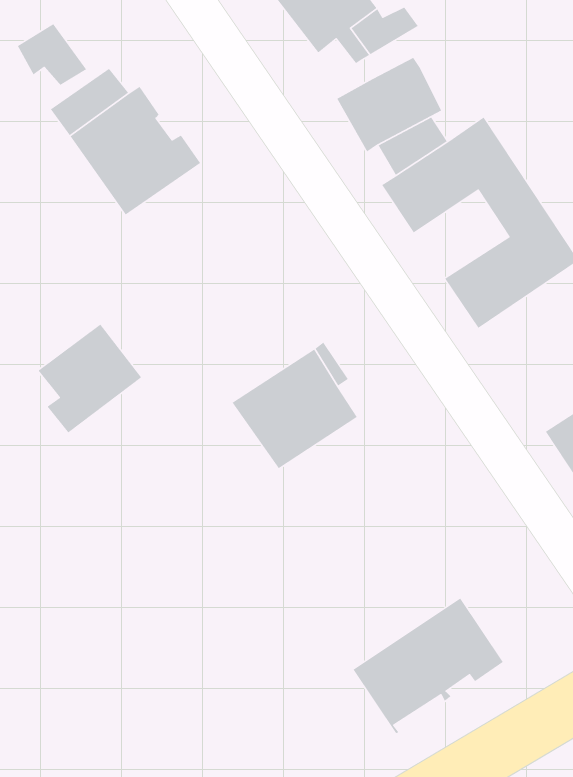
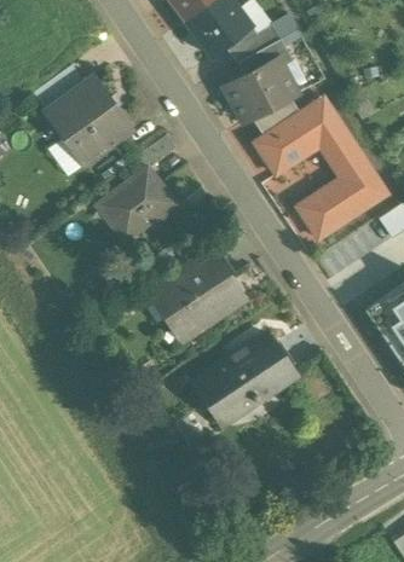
building: [17,23,87,86] -> none
building: none -> [243,37,294,73]
building: [38,324,142,433] -> [105,168,175,242]
building: [353,597,504,734] -> [195,332,296,424]

